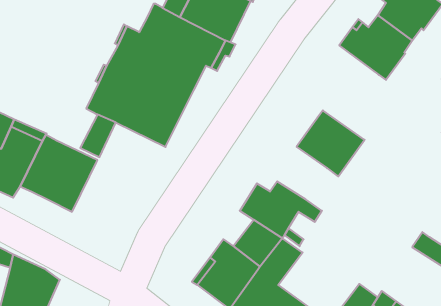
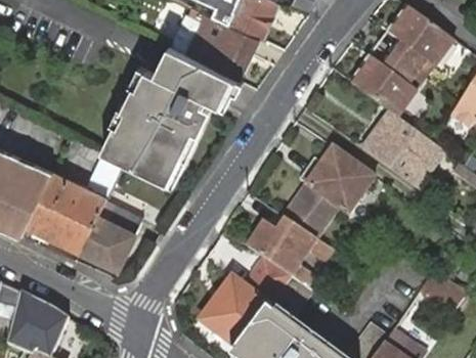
building: none -> [362,111,446,190]
building: none -> [286,184,338,237]
building: none -> [81,199,142,267]

